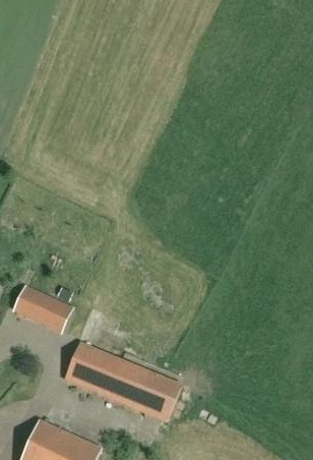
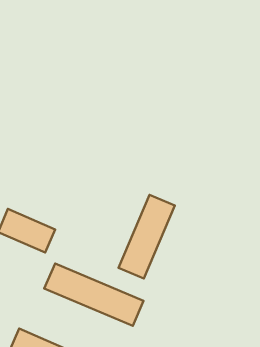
building: none -> [118,195,175,278]

